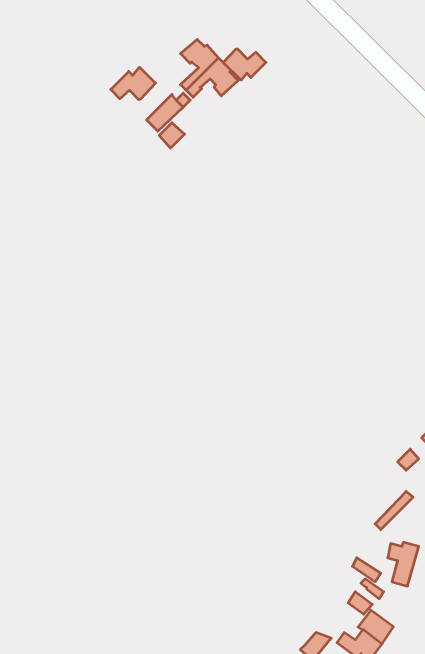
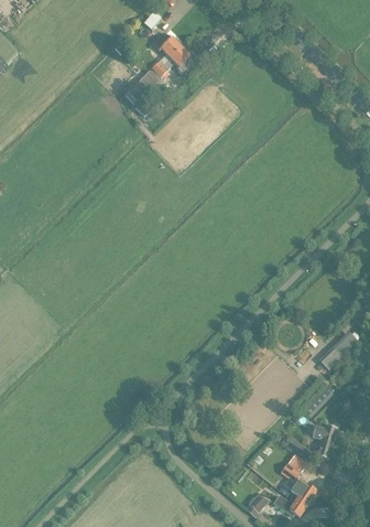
building: [223,49,266,80] -> none
building: [111,67,156,100] -> none

